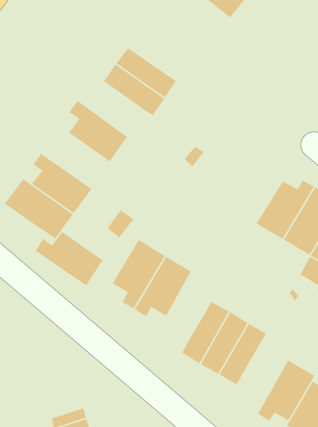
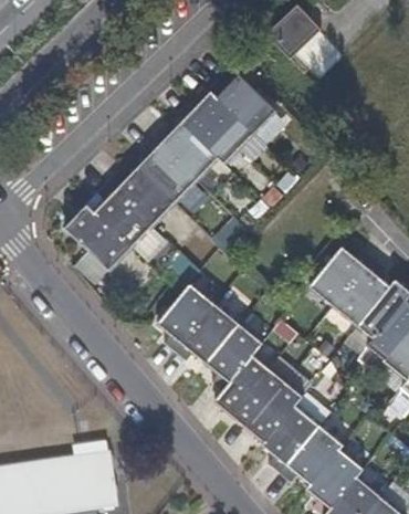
building: none -> [209,75,275,134]
building: none -> [153,123,218,181]
building: [35,231,104,287] -> [108,168,175,227]
building: none -> [207,323,263,390]
building: none -> [263,405,319,473]

